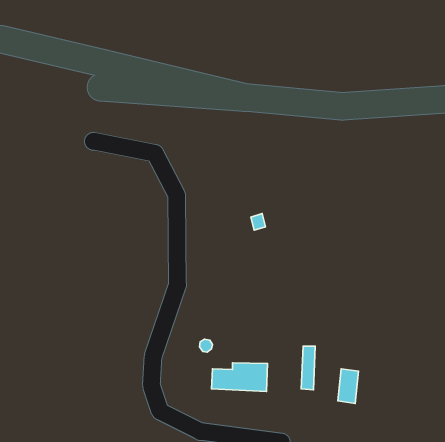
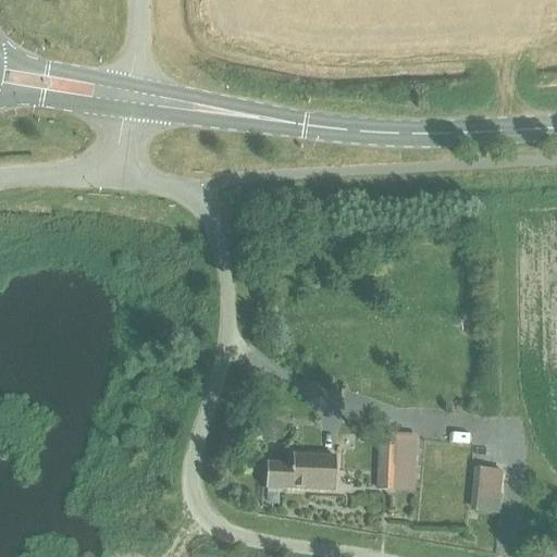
building: [338,369,359,404] -> [476,467,503,510]

